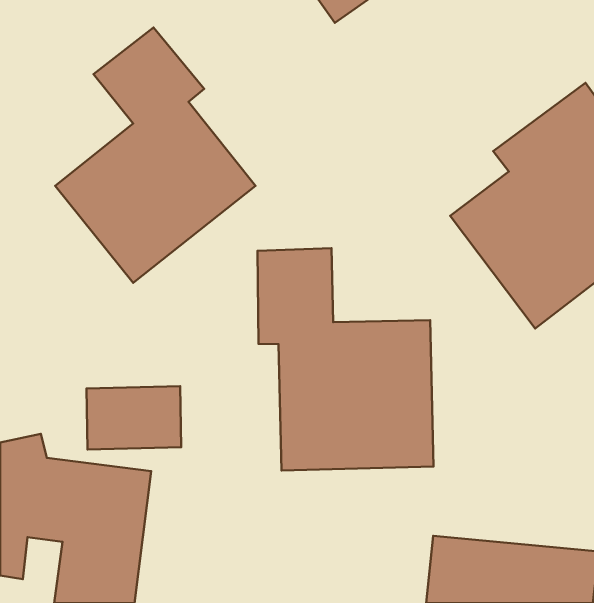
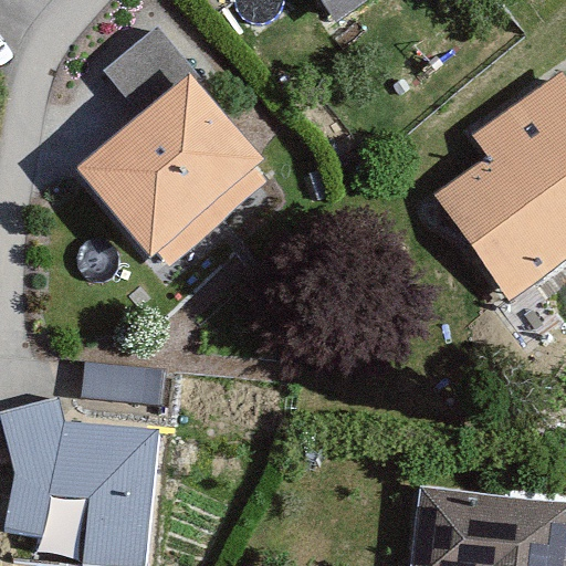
building: [258,248,433,470] -> none

